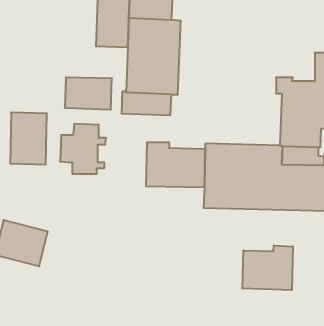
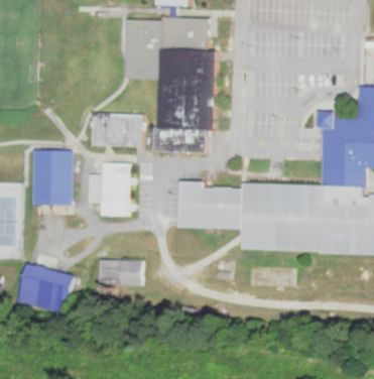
building: none -> [98,260,142,284]
building: [242,245,293,290] -> none

